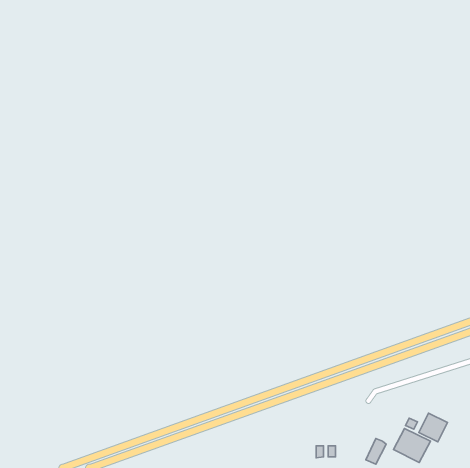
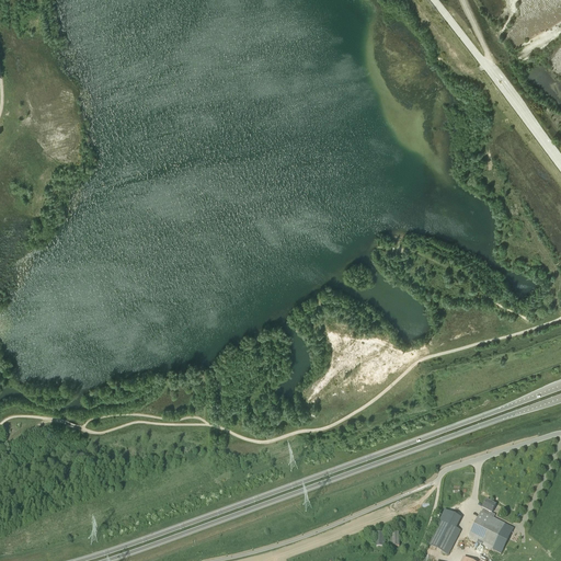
building: [419,413,448,442] -> none

